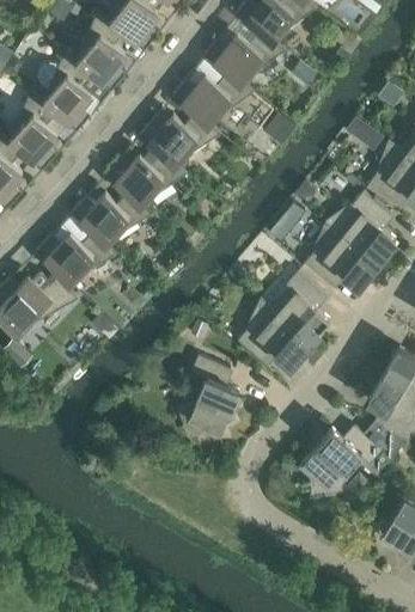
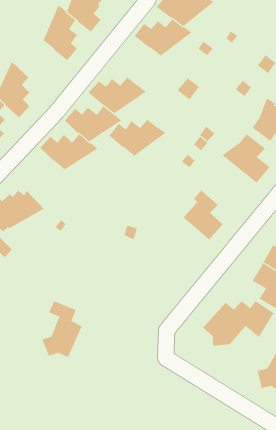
building: [37,50,92,130] -> none
building: [172,71,254,123] -> [108,119,166,156]
building: [305,220,377,286] -> none
building: [36,231,117,282] -> none
building: [238,298,310,365] -> none
building: [182,355,239,437] -> [42,301,82,359]

